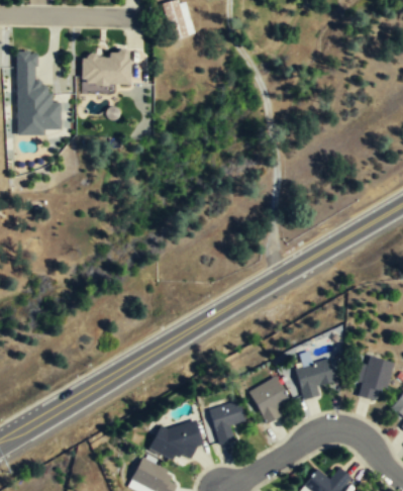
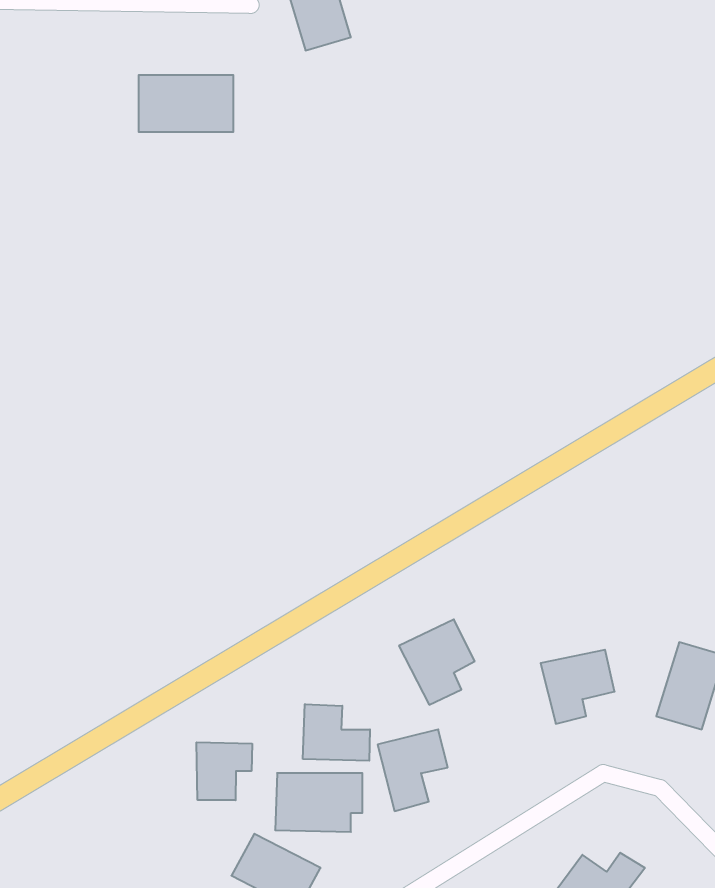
building: [16,52,63,133] -> none
building: [250,380,291,425] -> [399,619,475,705]
building: none -> [303,704,370,761]
building: none -> [197,742,252,800]

